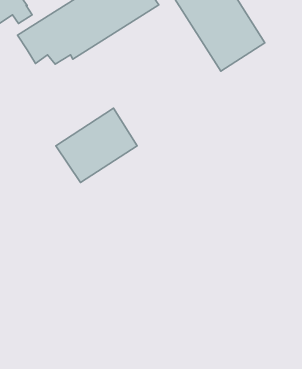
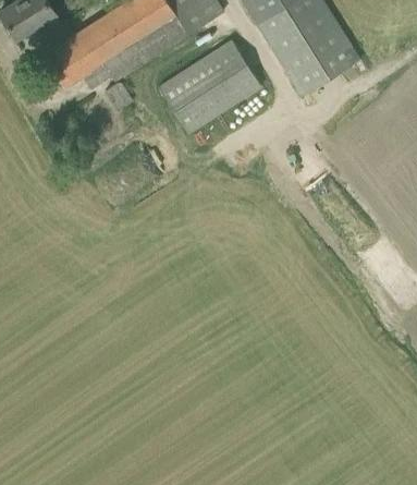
building: [56,108,137,182] -> [157,39,261,134]

